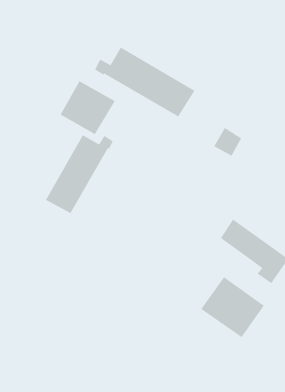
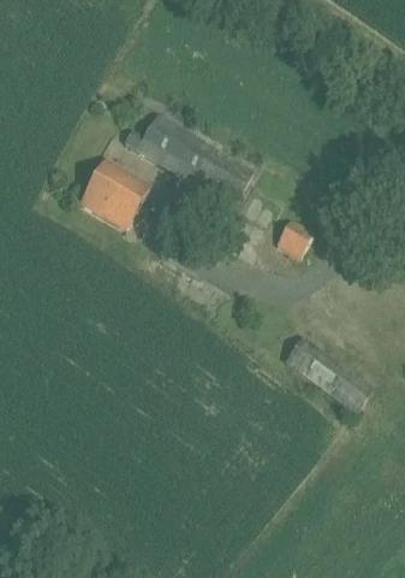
building: [45,134,114,214] -> none
building: [200,276,265,338] -> none

